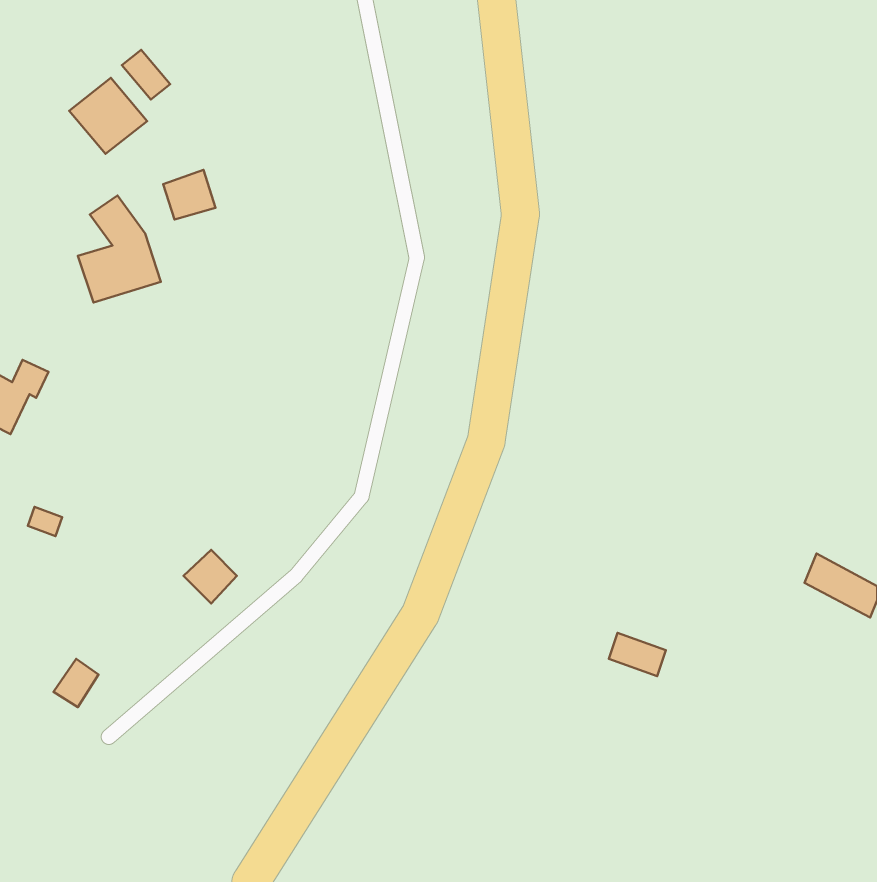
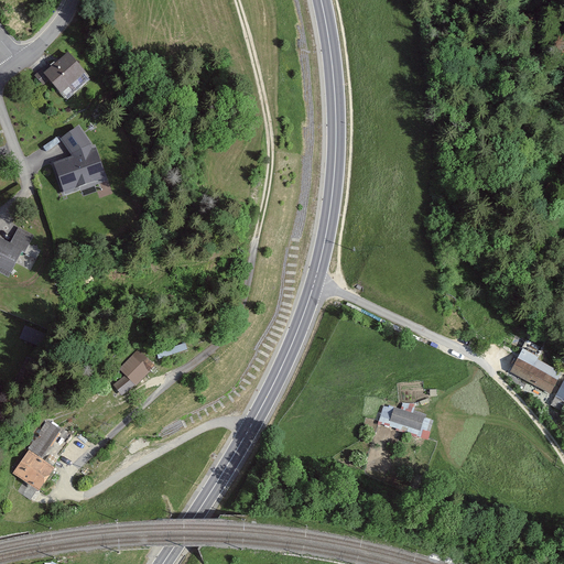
building: [122,50,170,100] -> none
building: [163,170,216,220] -> none
building: none -> [14,447,58,490]

